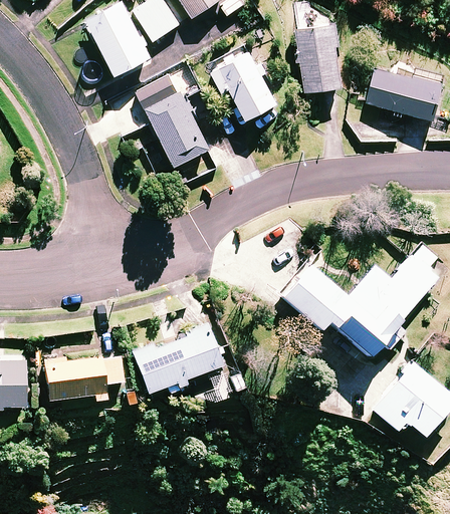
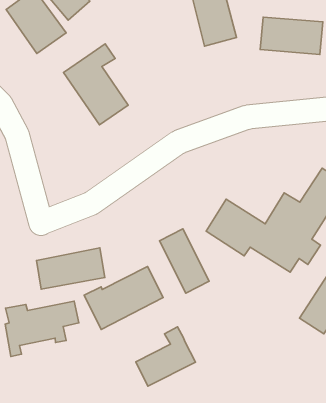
building: [209,48,277,119] -> none
building: none -> [159,229,209,293]
building: none -> [36,248,105,289]
building: none -> [136,327,196,386]

